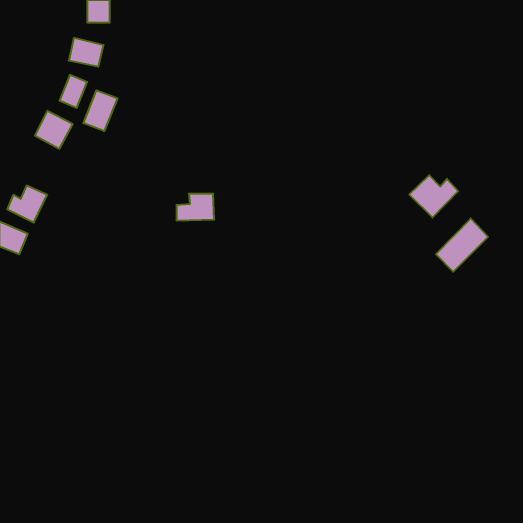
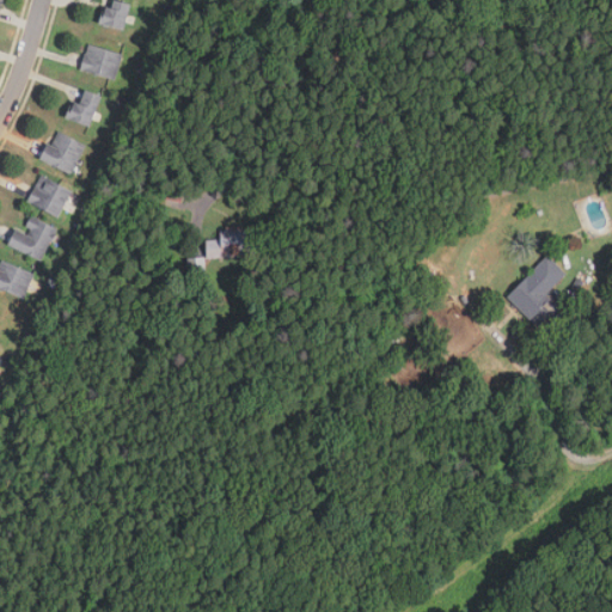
building: [83,90,117,131] -> none
building: none -> [26,176,72,218]
building: [409,175,458,218] -> none

